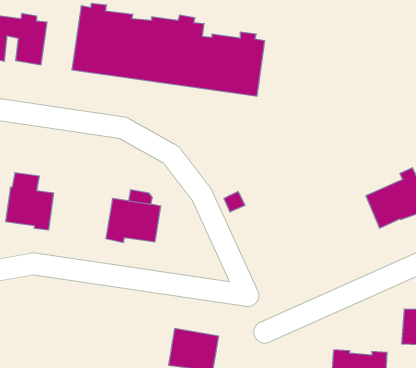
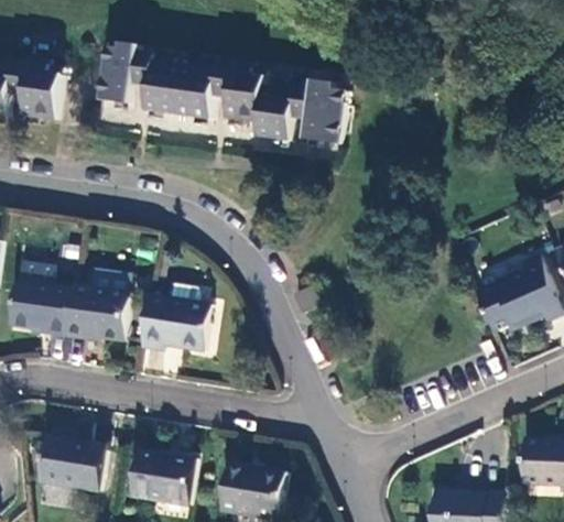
building: none -> [65,284,129,339]
building: none -> [40,434,105,490]
building: none -> [132,449,195,502]

